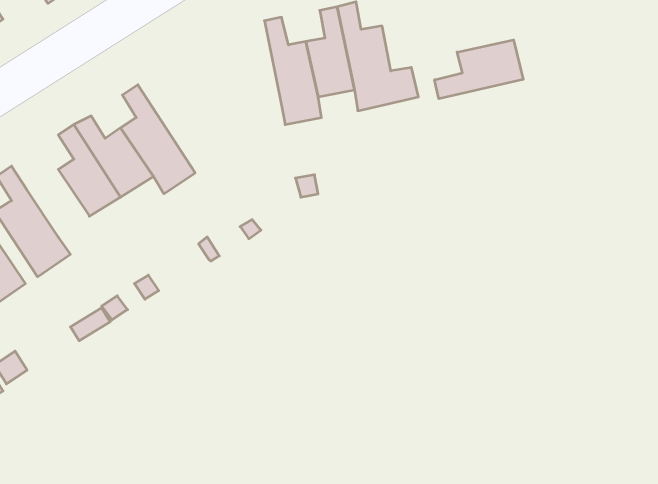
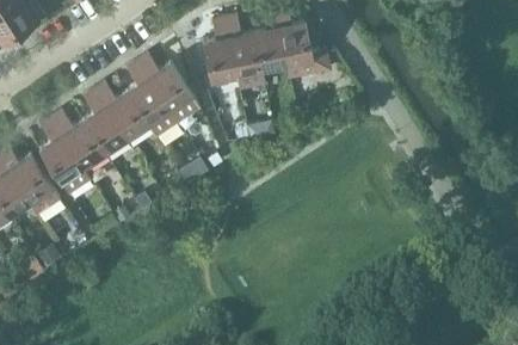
building: none -> [202,18,236,81]
building: [435,40,523,99] -> none
building: none -> [137,55,199,123]
building: none -> [50,111,104,167]

